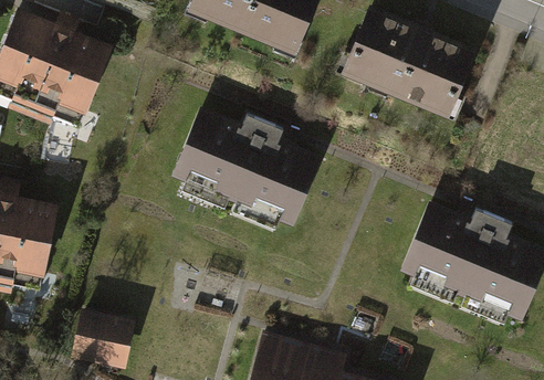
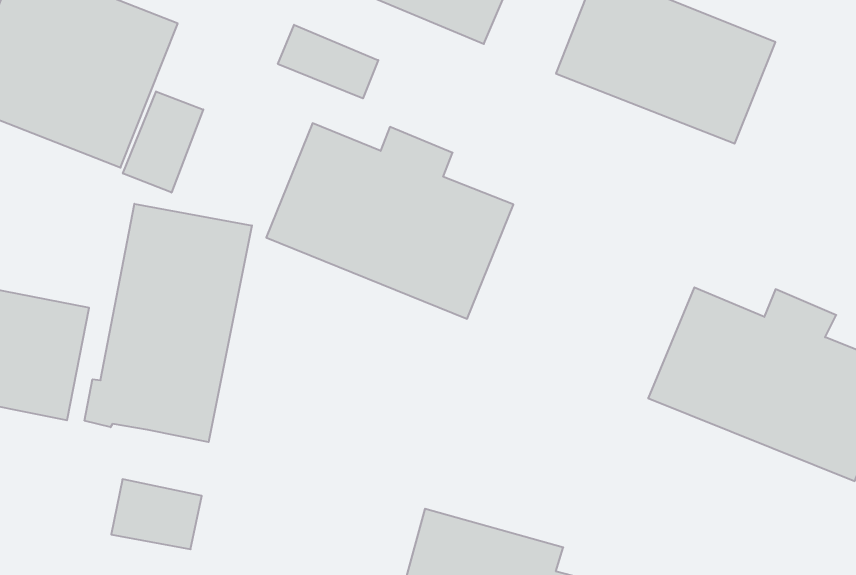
building: none -> [278,25,378,98]
building: none -> [123,91,203,193]
building: none -> [85,204,252,442]

